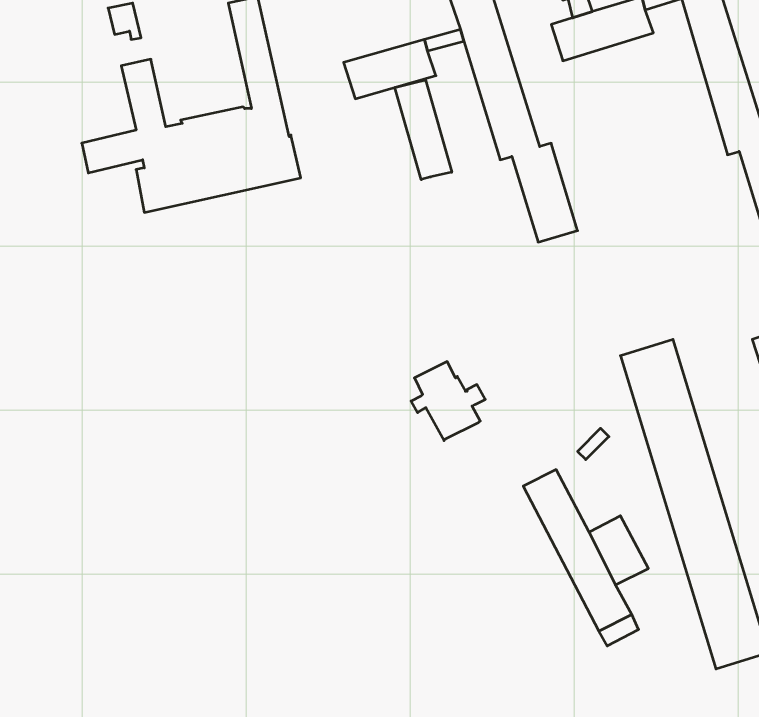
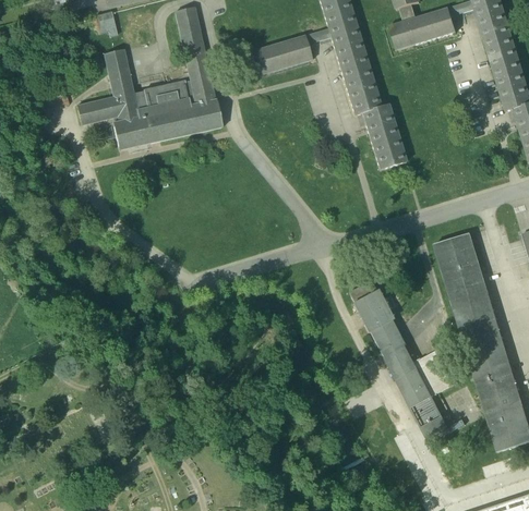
building: [395,80,452,180] -> none
building: [411,362,485,441] -> [347,279,396,331]

